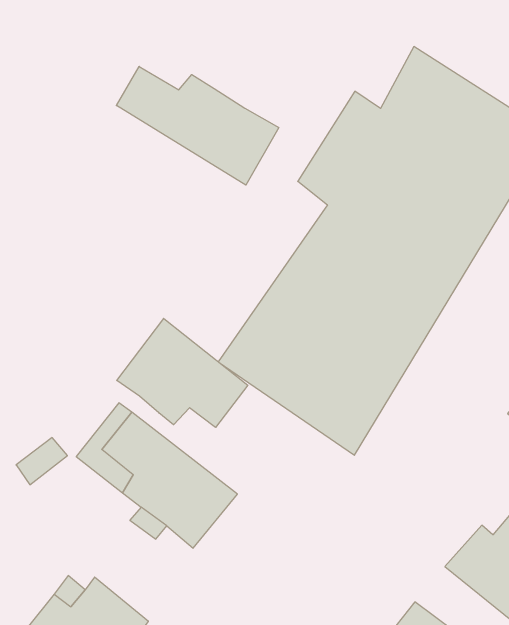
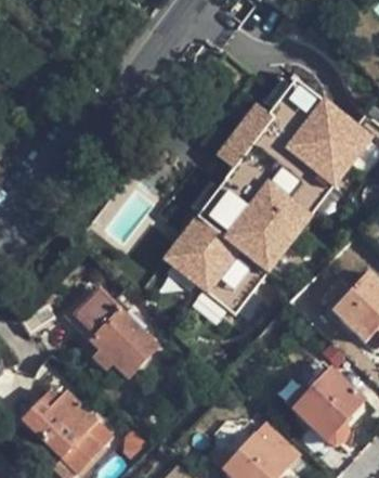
building: [116,66,279,185] -> none
building: [117,318,248,427] -> none

